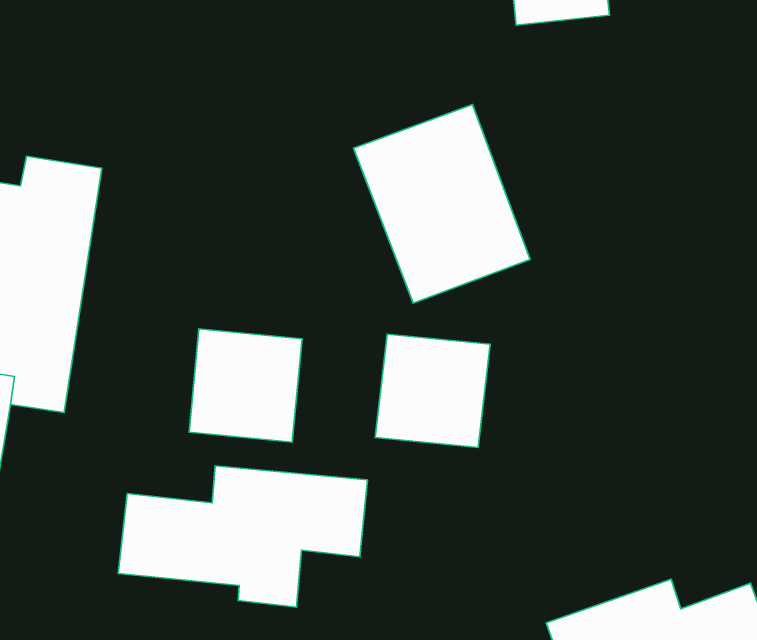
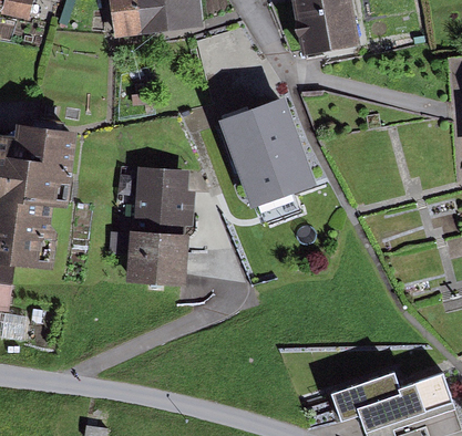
building: [375,334,490,447] -> [131,166,195,229]
building: [118,466,367,607] -> none

